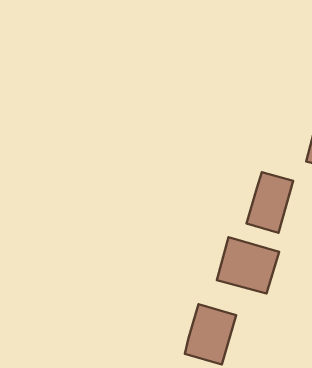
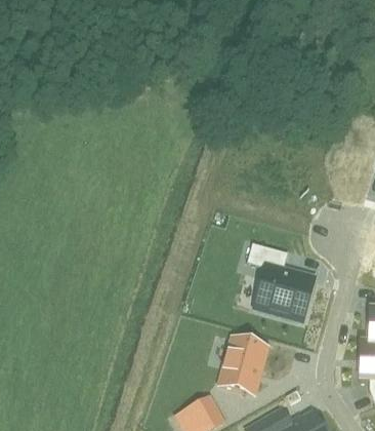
building: [247,172,293,233] -> none

